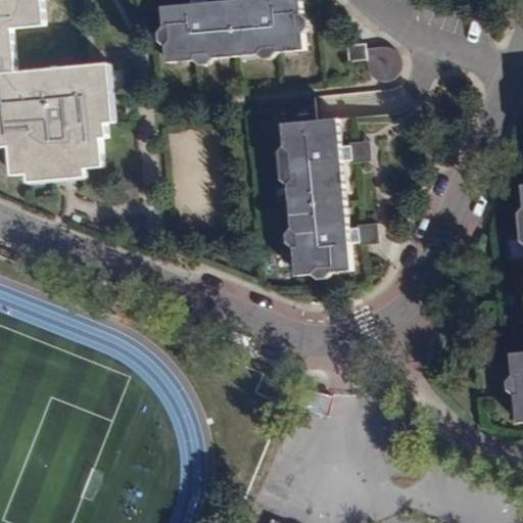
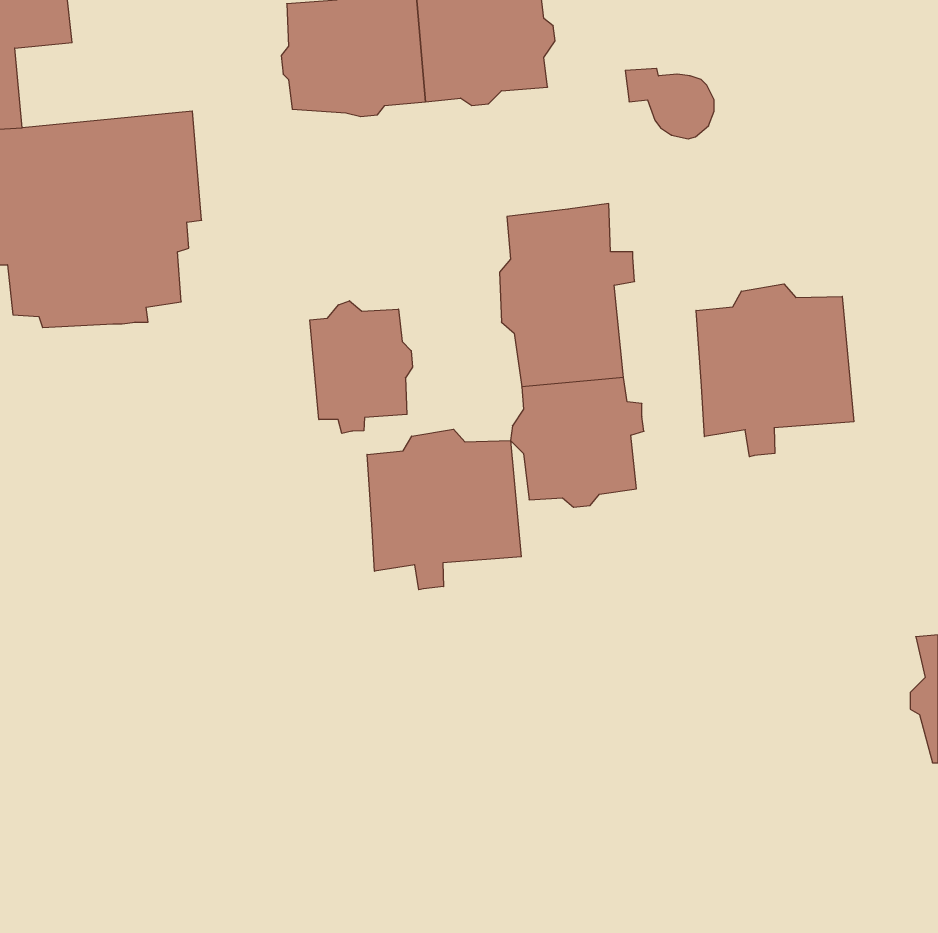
building: none -> [696,284,854,457]
building: none -> [310,301,412,433]
building: none -> [367,429,521,590]

